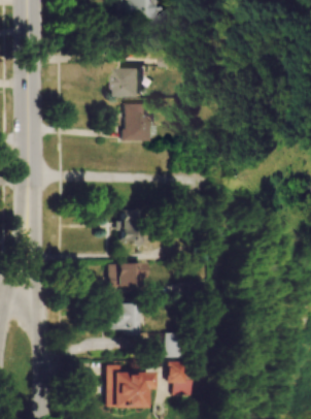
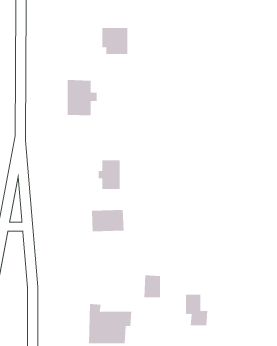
building: [125,102,158,141] -> [67,80,97,116]
building: [110,304,138,336] -> none
building: [168,361,193,395] -> [185,294,208,326]

